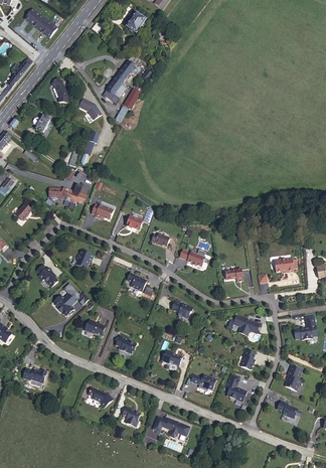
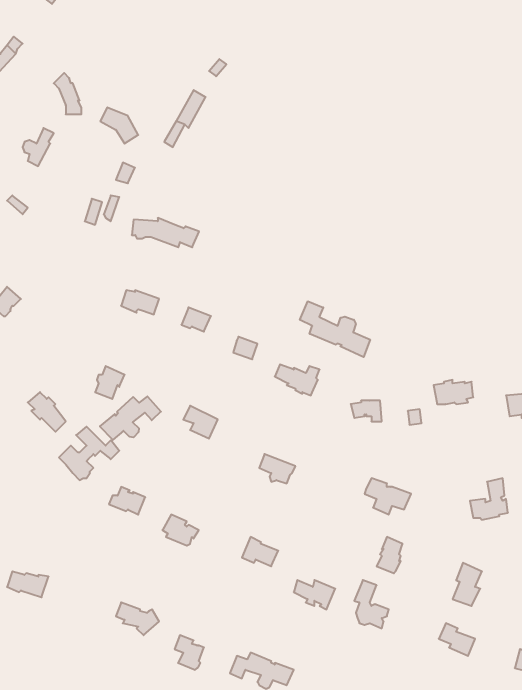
building: [104,62,137,103] -> none
building: [47,188,87,205] -> [132,218,199,247]
building: none -> [300,301,370,357]
building: none -> [100,396,161,440]

